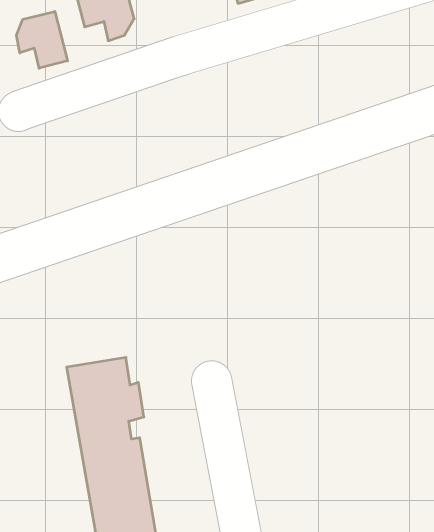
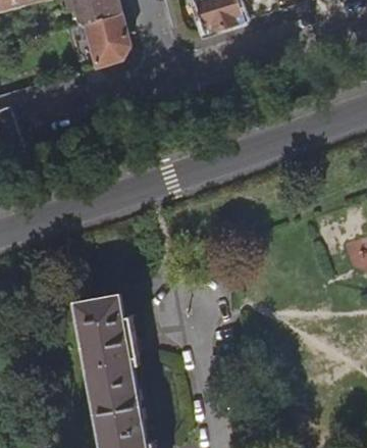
building: [16,11,68,68] -> none

